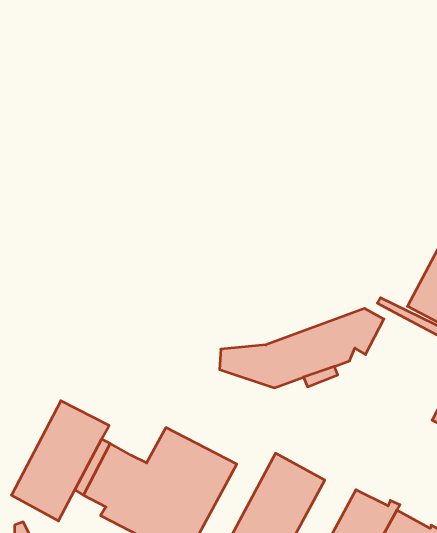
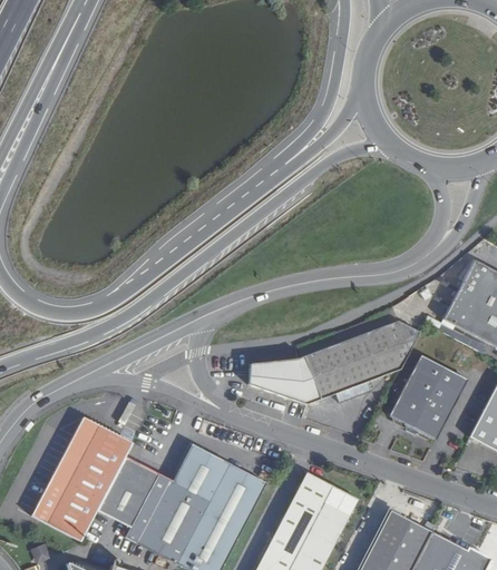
building: none -> [389,355,467,440]

